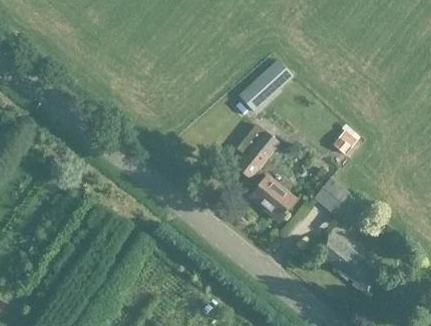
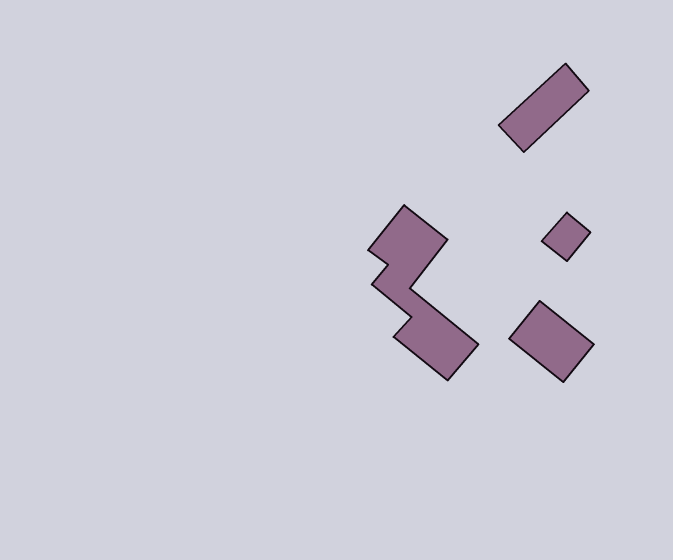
building: [241,60,291,109] -> [499,64,589,152]
building: [317,232,381,290] -> none

